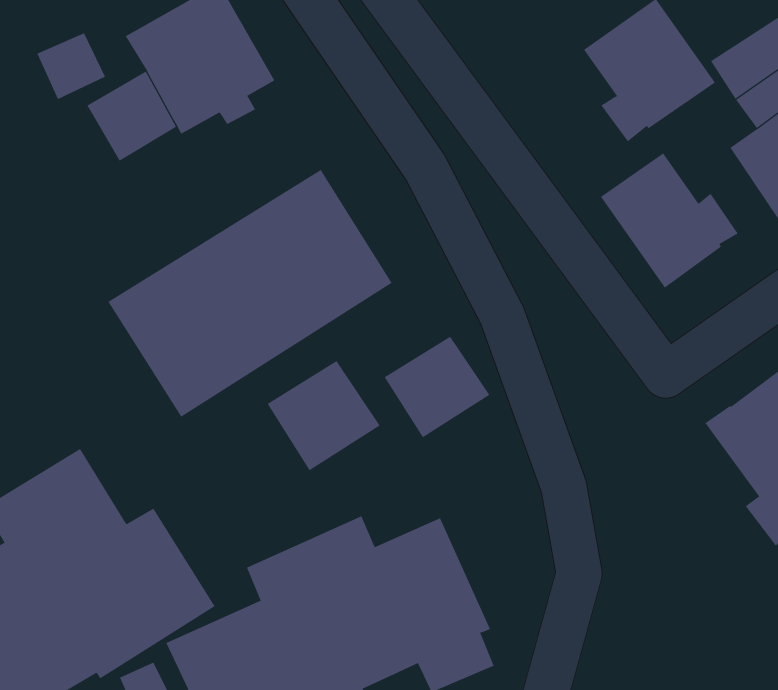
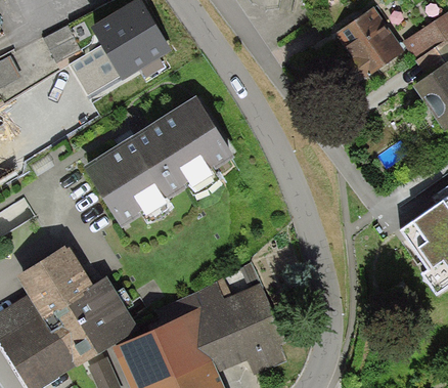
building: [600,152,738,288] -> none
building: [384,336,490,438] -> none
building: [267,360,380,471] -> none

